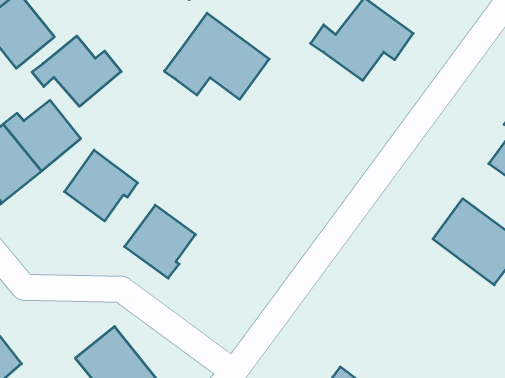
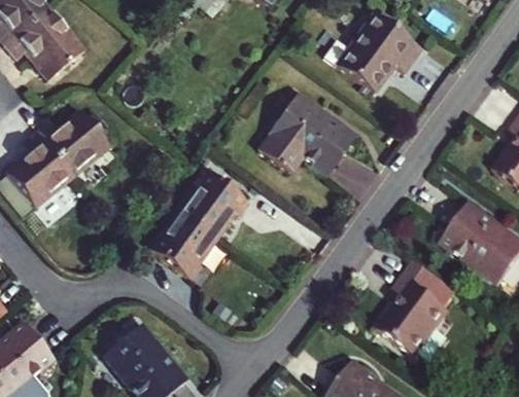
building: [164,13,269,99] -> [255,93,354,174]
building: [32,36,121,106] -> none
building: [64,150,138,221] -> [178,170,247,237]
building: none -> [376,260,455,356]

